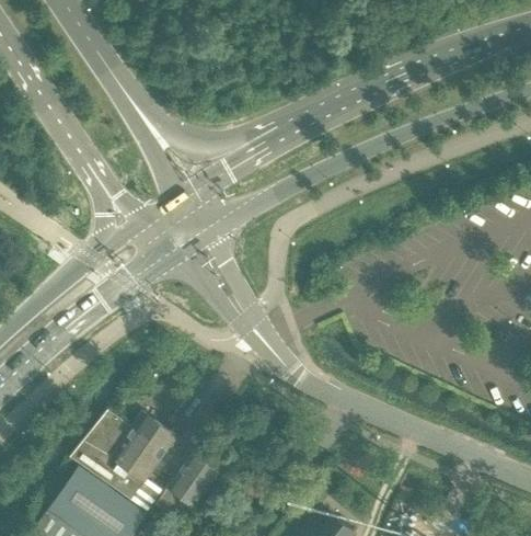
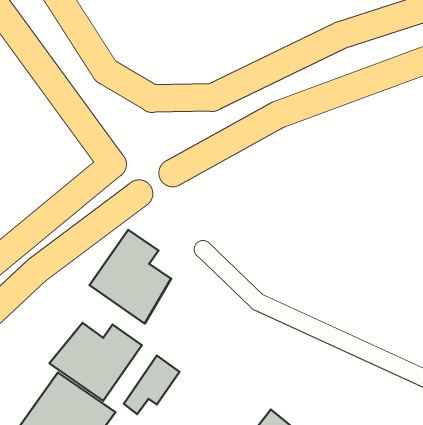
building: none -> [89,230,171,324]

